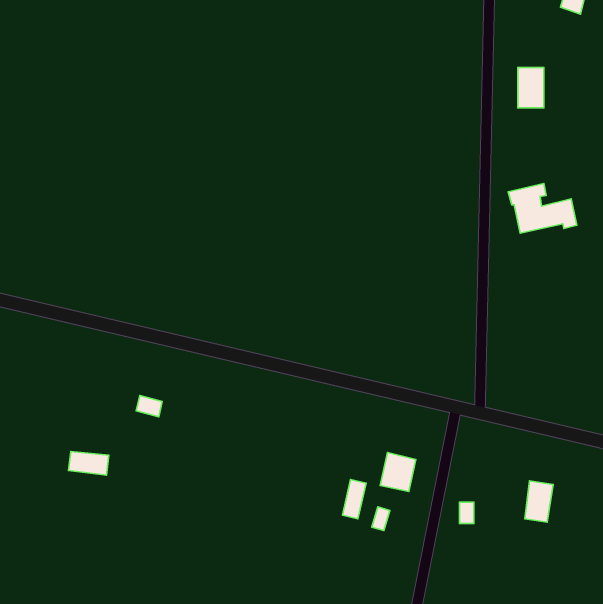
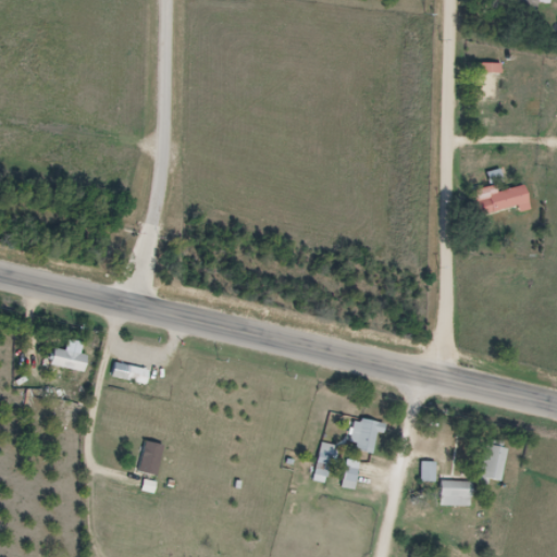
building: [69,452,109,475] -> [51,348,88,370]
building: none -> [138,440,162,474]
building: none -> [442,480,472,505]

